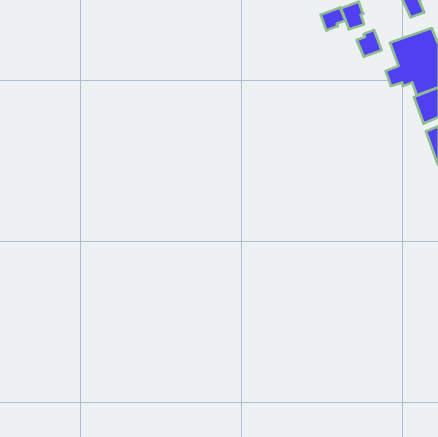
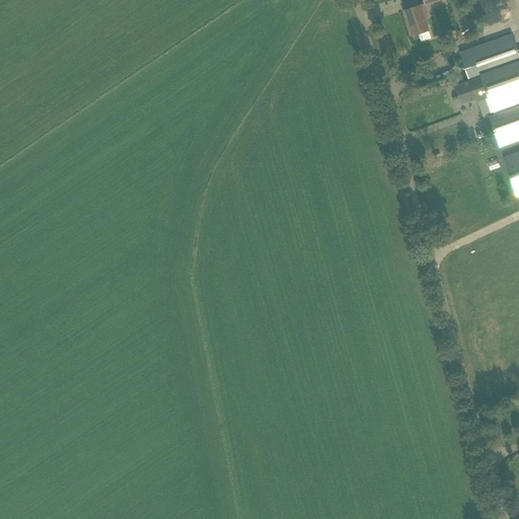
building: [321,7,345,31] -> none
building: [357,30,381,57] -> none

